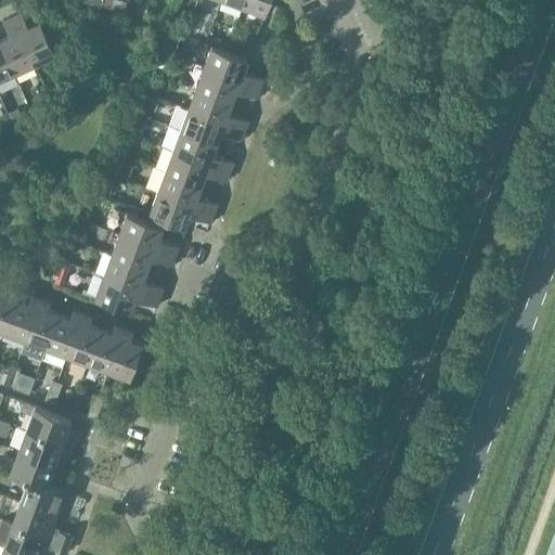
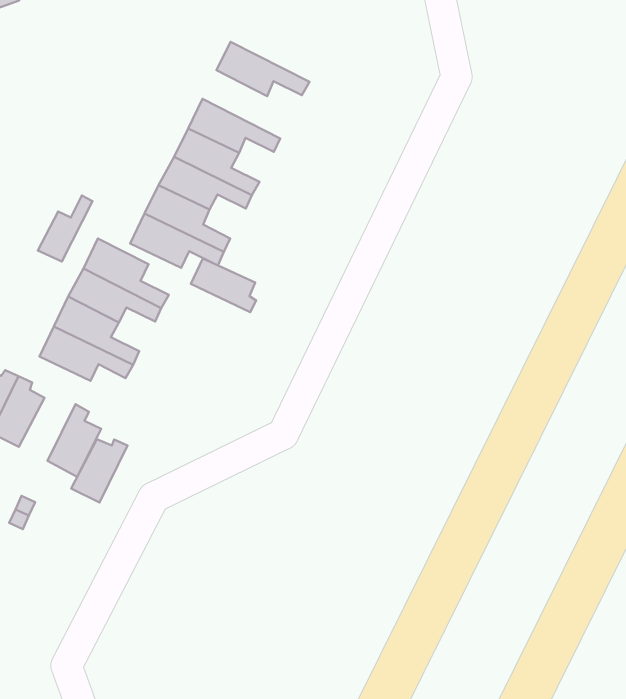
building: [203,49,263,92] -> none
building: [188,91,248,133] -> none
building: none -> [38,195,93,261]
building: none -> [191,259,256,312]
building: [87,328,122,373] -> [71,439,128,502]

